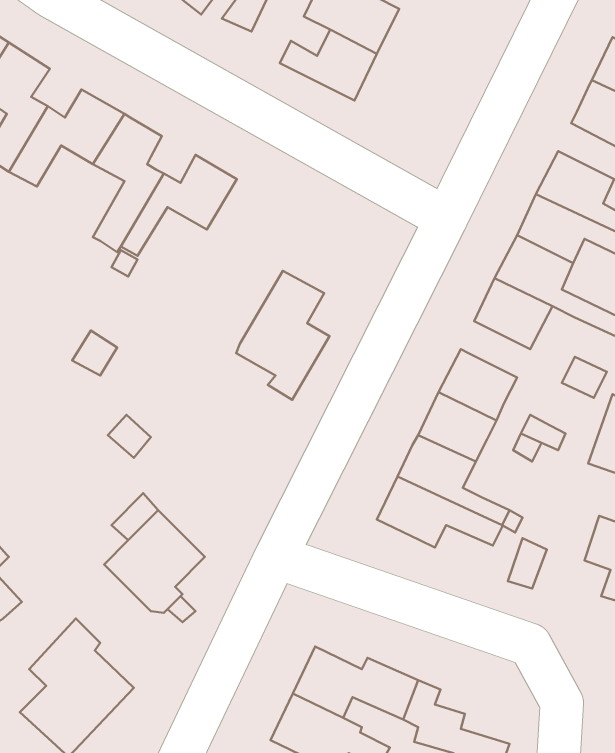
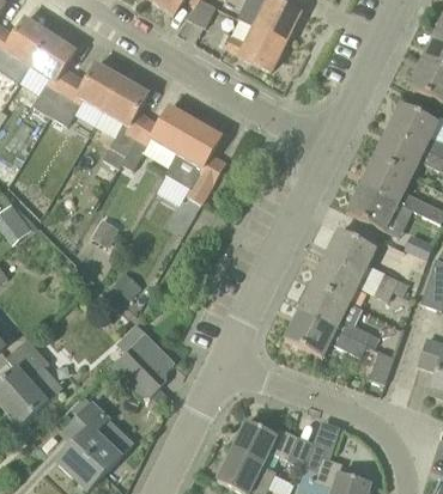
building: [236,271,330,400] -> [165,120,225,202]

